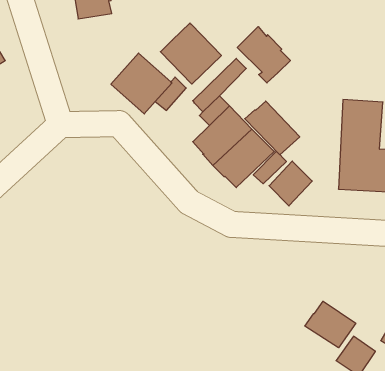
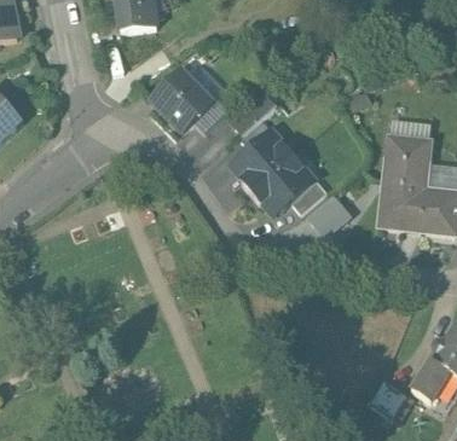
building: [160,23,221,84] -> none
building: [237,27,290,83] -> none
building: [245,101,300,155] -> none
building: [305,301,356,348] -> none

